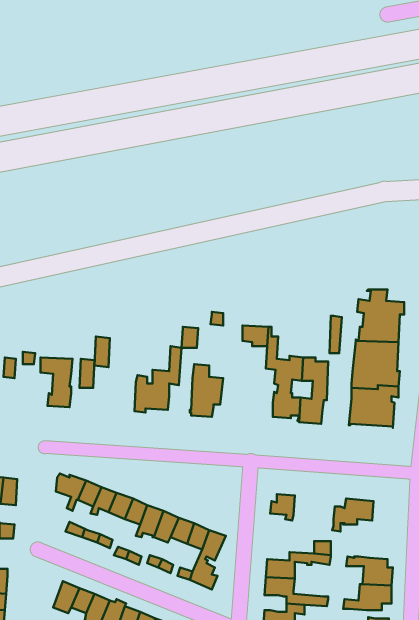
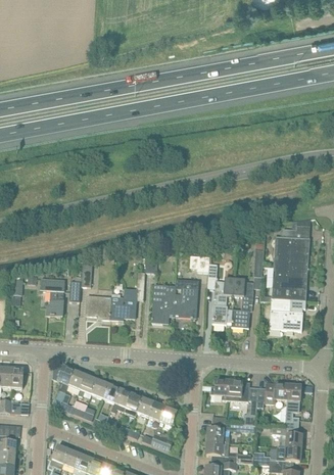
building: none -> [174,278,198,317]
building: none -> [86,291,112,318]
building: none -> [227,380,258,402]
building: none -> [284,384,301,427]

